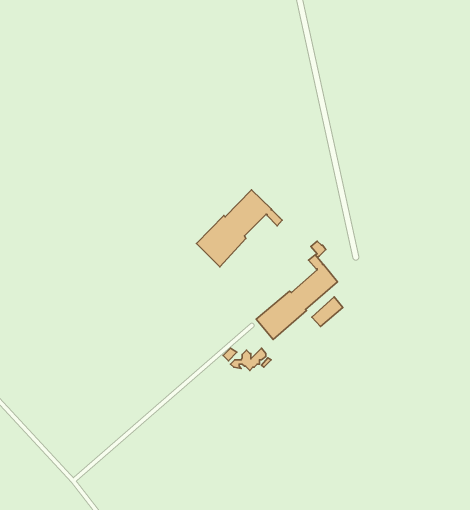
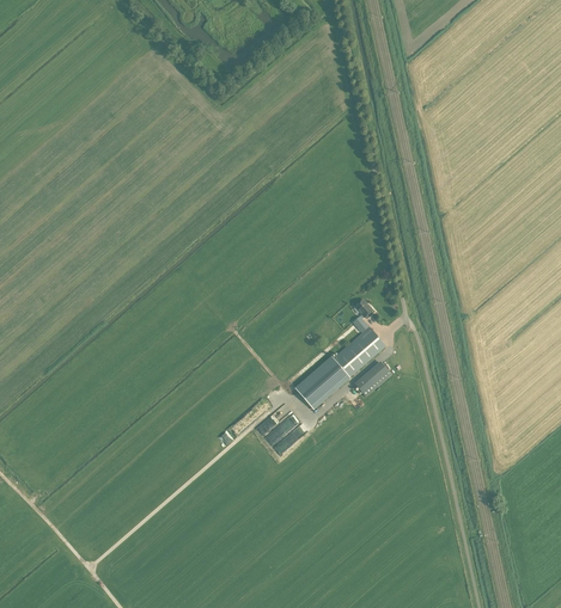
building: [196,190,282,267] -> none

